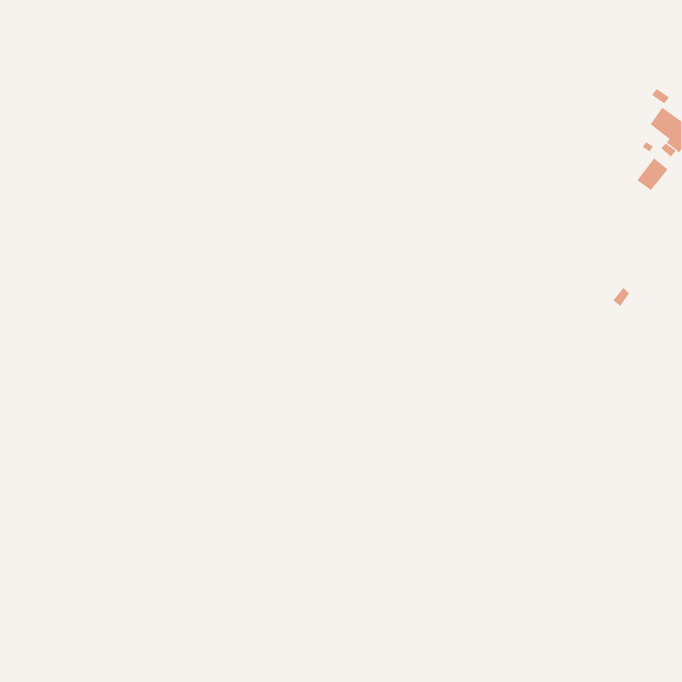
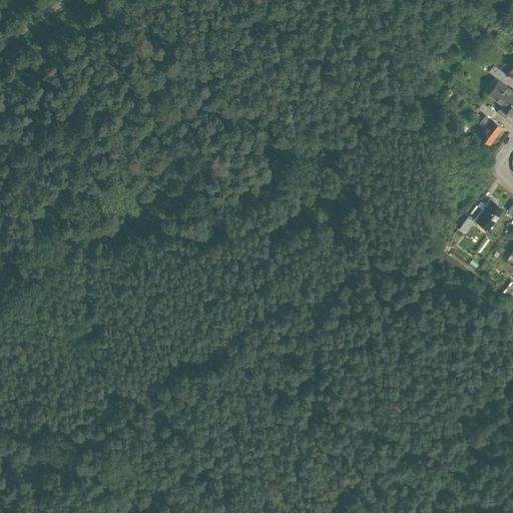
building: none -> [475,198,503,228]

